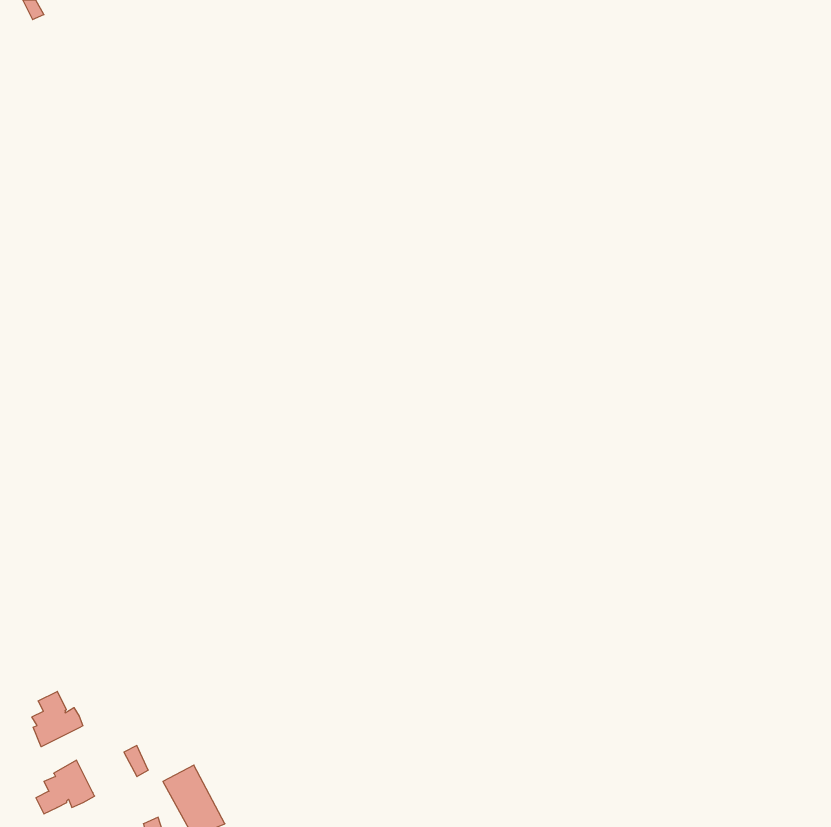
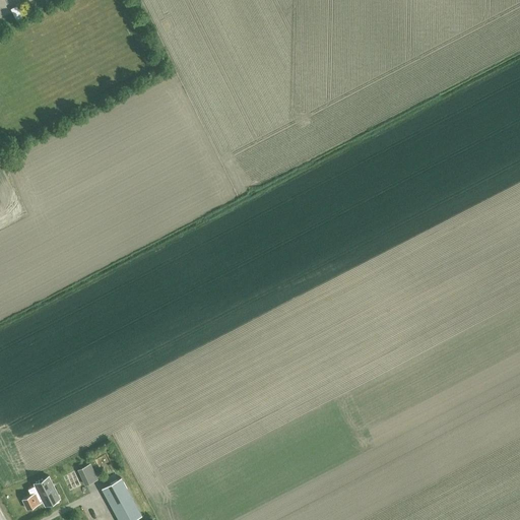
building: [32,691,83,747] -> none

